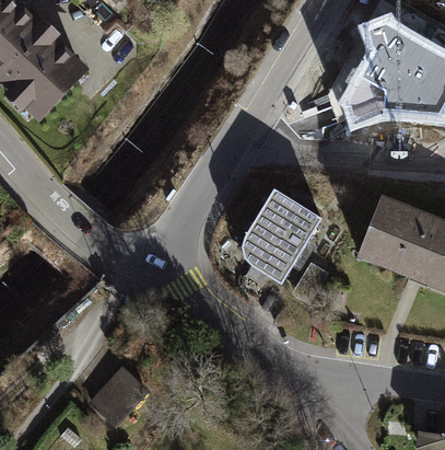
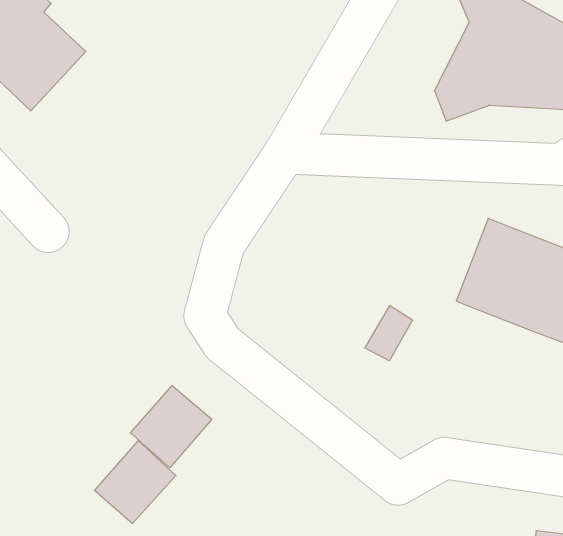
building: [242,191,323,285] -> none
building: none -> [130,386,212,468]

